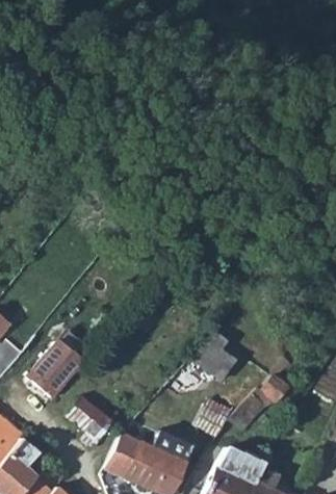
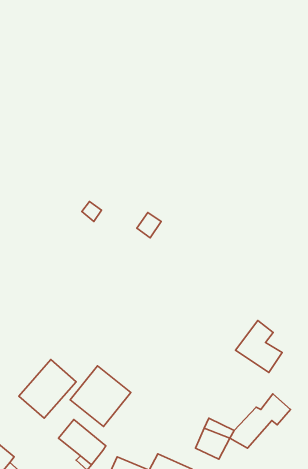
building: [192,331,236,380] -> [236,320,282,372]
building: none -> [70,366,131,426]

